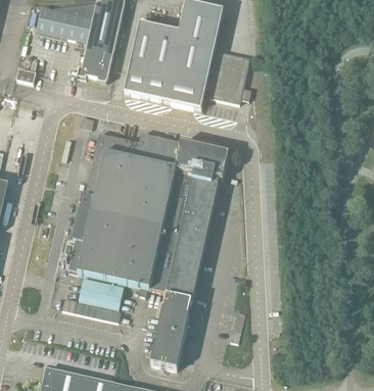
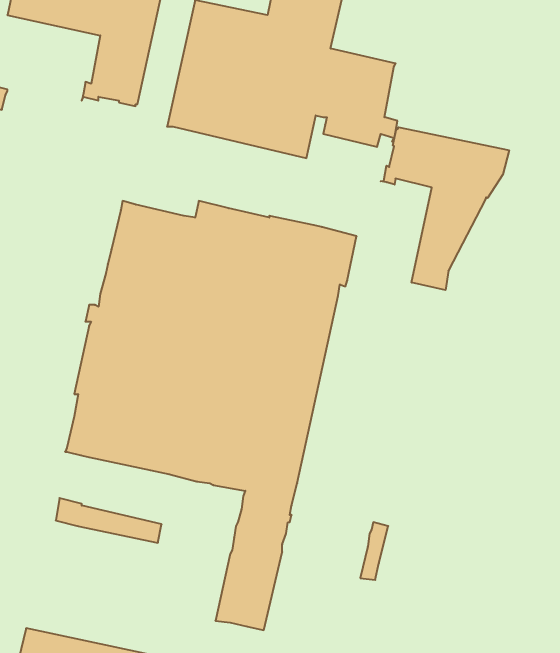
building: none -> [381,127,509,290]
building: [79,277,125,307] -> none

